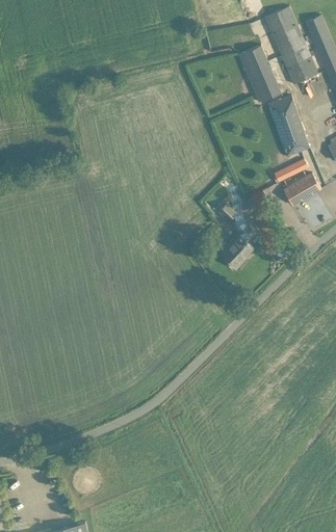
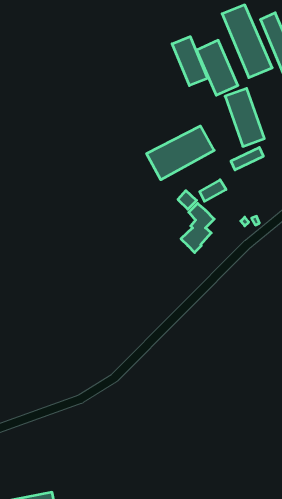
building: none -> [172,37,208,86]
building: none -> [147,126,214,180]
building: [283,174,320,206] -> none

